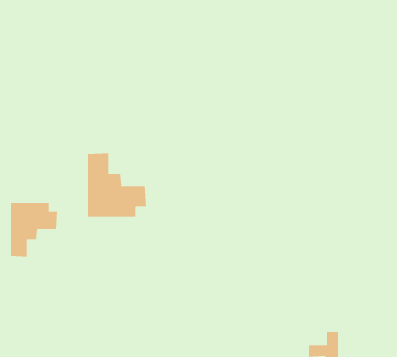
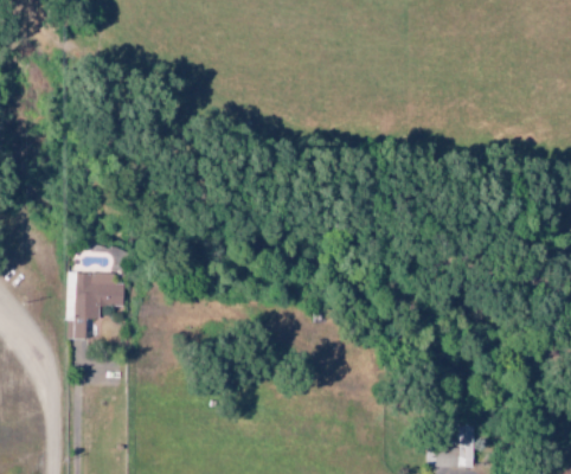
building: [88,152,146,218] -> none

